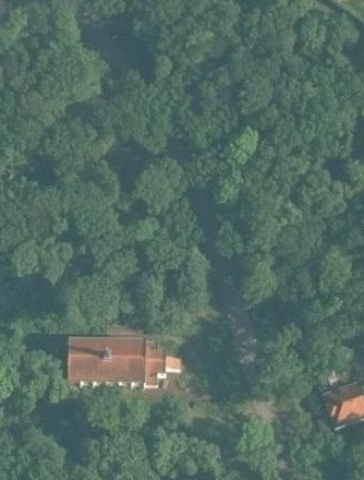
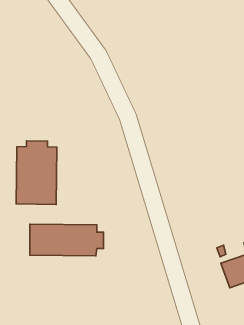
building: none -> [16,141,57,205]

